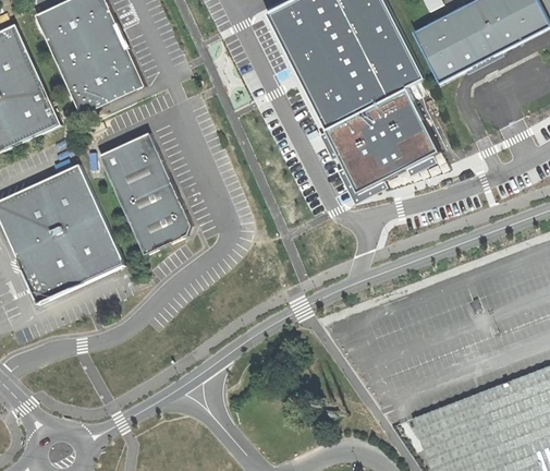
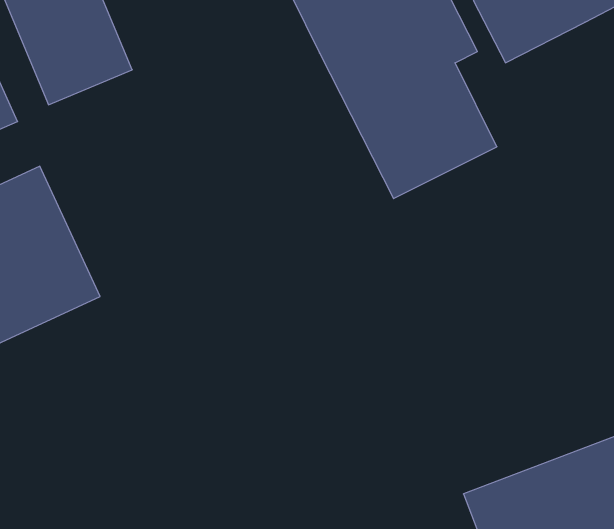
building: [98,136,192,261] -> none

